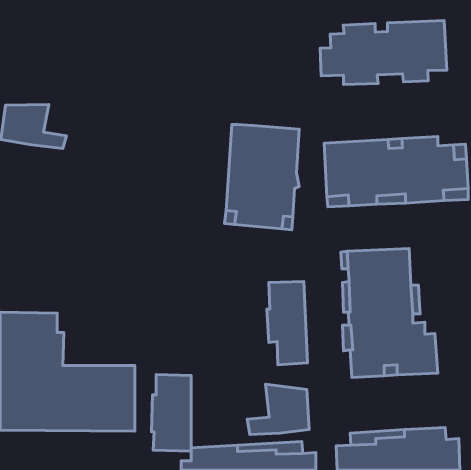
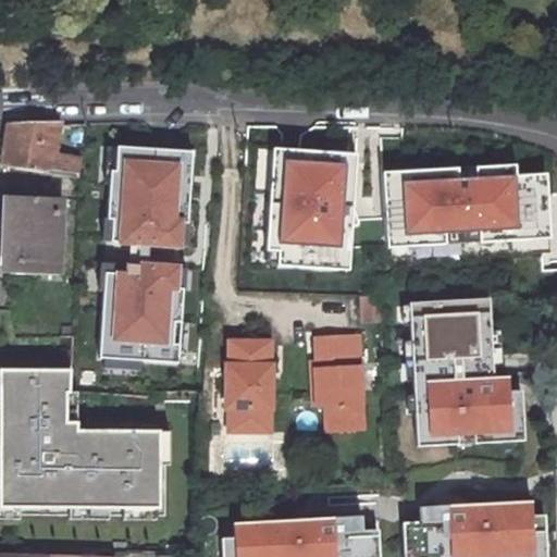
building: [320,20,447,85] -> none
building: none -> [104,144,193,359]
building: none -> [12,199,63,277]
building: [151,375,191,451] -> [222,342,269,432]
building: [247,384,309,435] -> none

